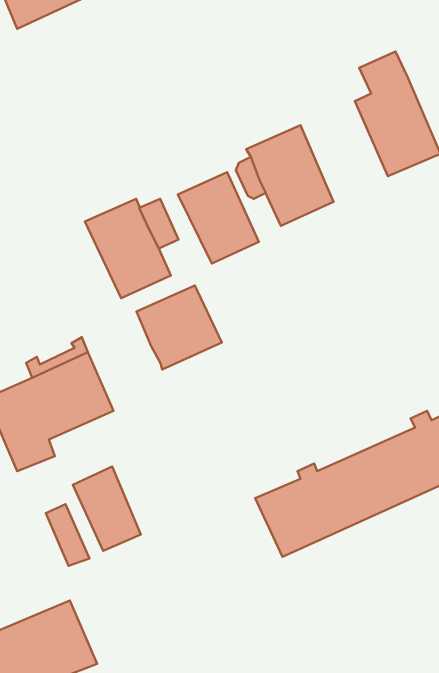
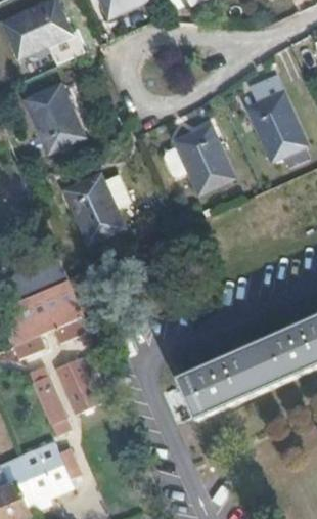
building: none -> [25,82,82,148]
building: [178,172,259,264] -> none
building: [136,286,222,369] -> none

